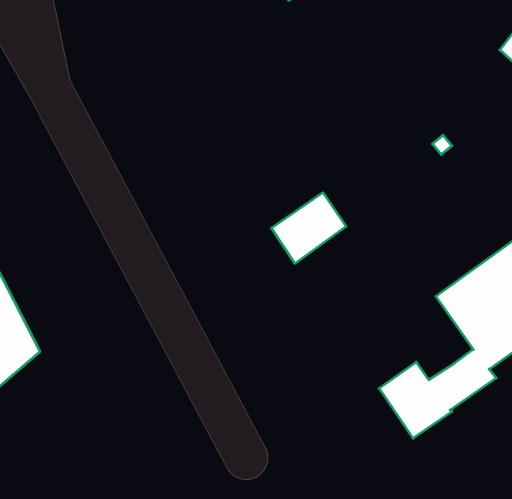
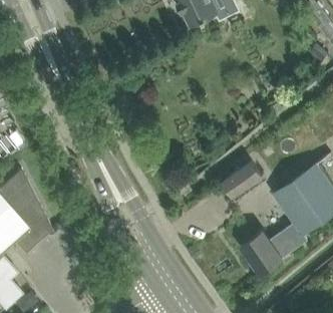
building: [272,193,346,263] -> [223,163,265,203]

